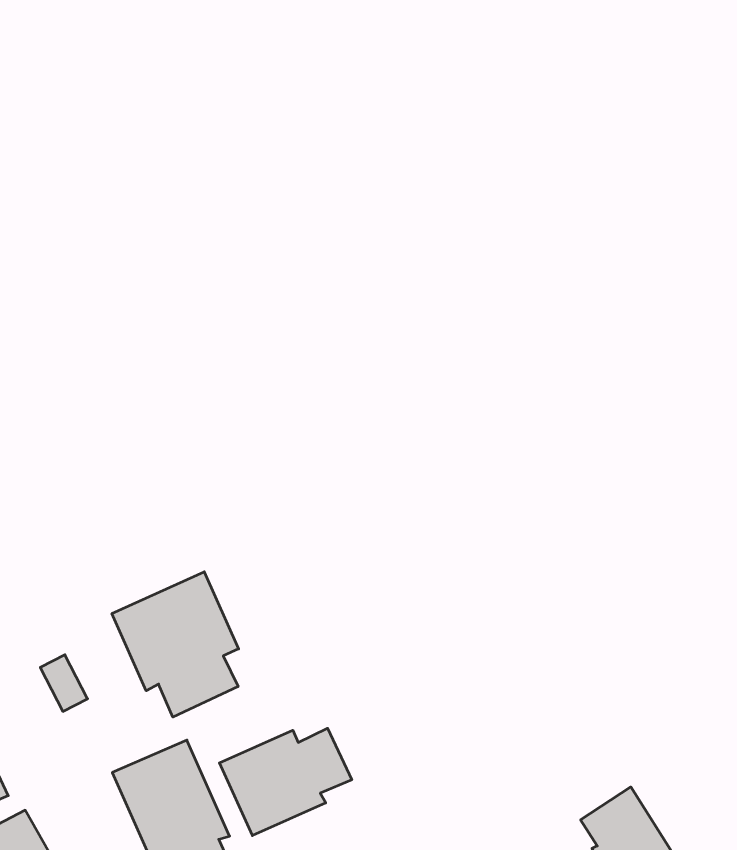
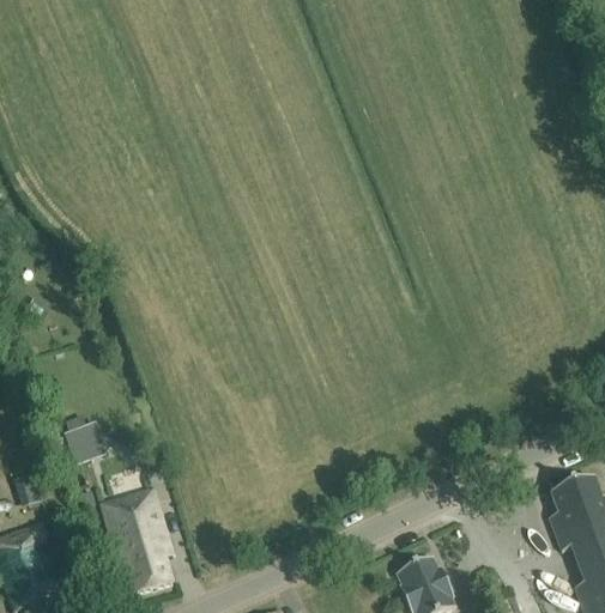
building: [112,572,239,717] -> none
building: [219,728,352,836] -> none

